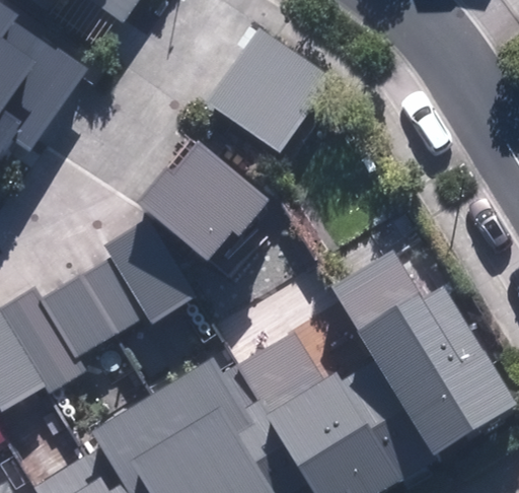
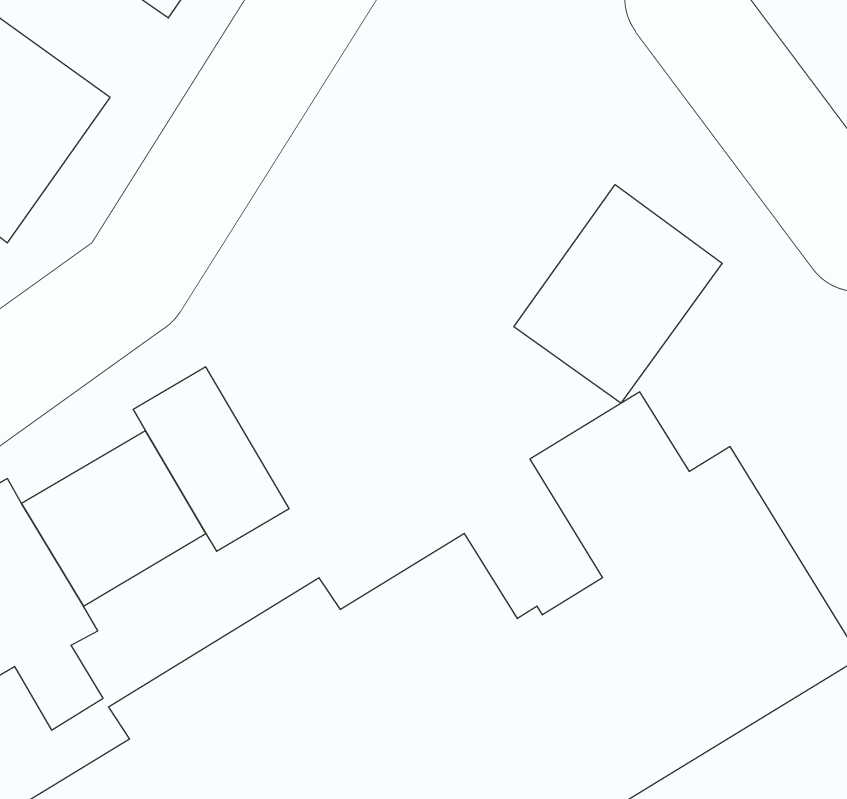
building: [202,28,332,163] -> none
building: none -> [514,185,722,403]
building: [135,145,270,274] -> none

